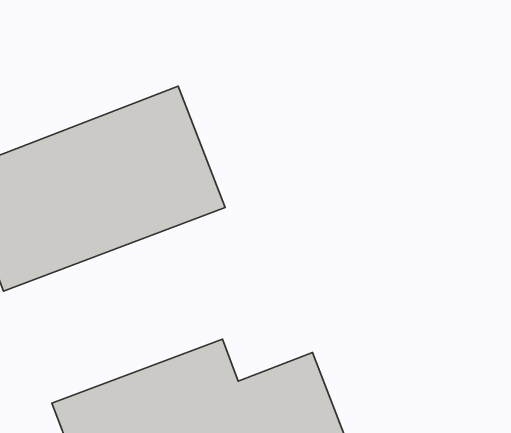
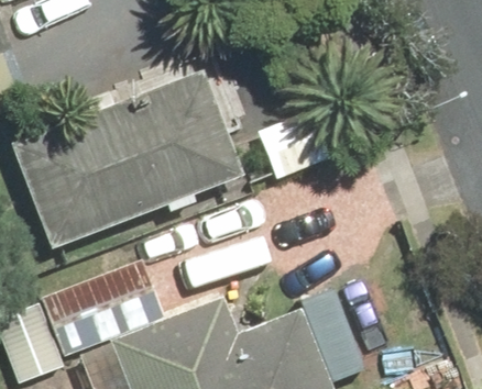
building: none -> [43,254,168,352]

